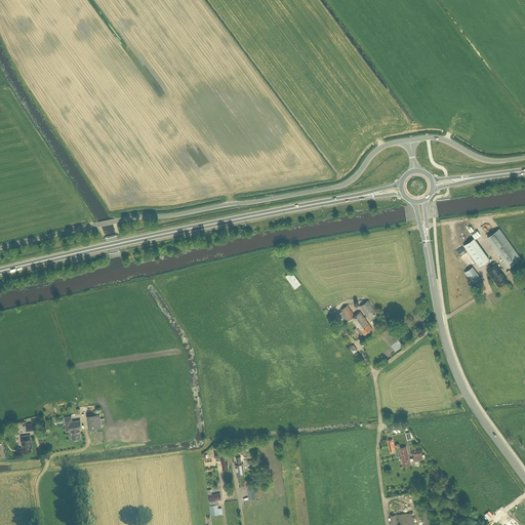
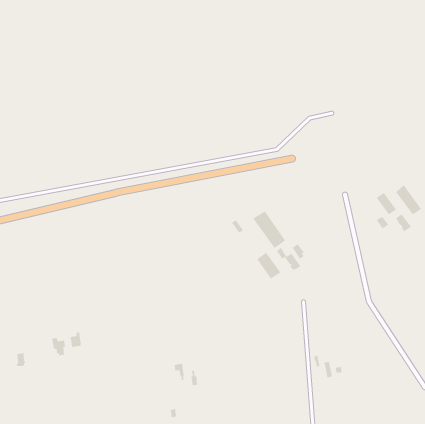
building: none -> [253,211,286,249]
building: none -> [257,252,281,280]

